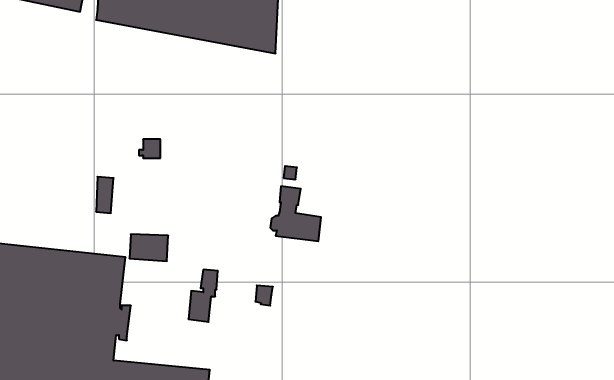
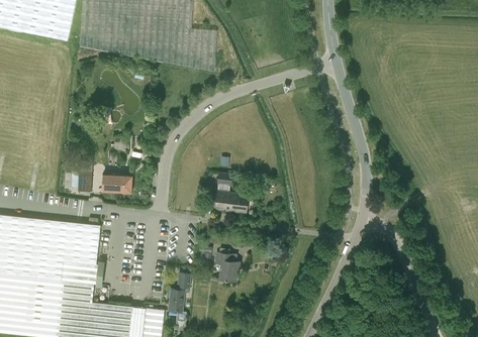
building: [129,234,168,261] -> [102,173,131,193]
building: [188,270,218,322] -> [168,272,190,312]
building: none -> [214,252,240,282]

